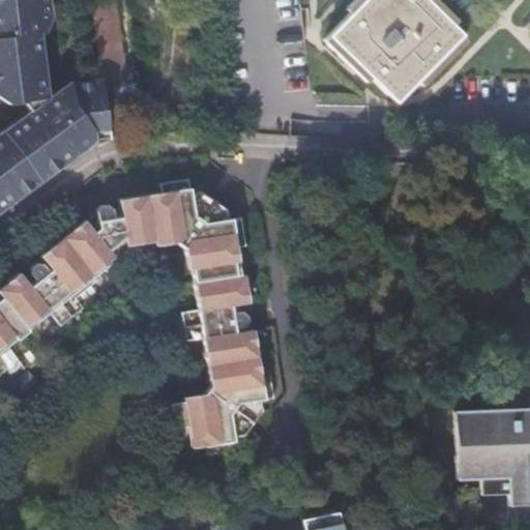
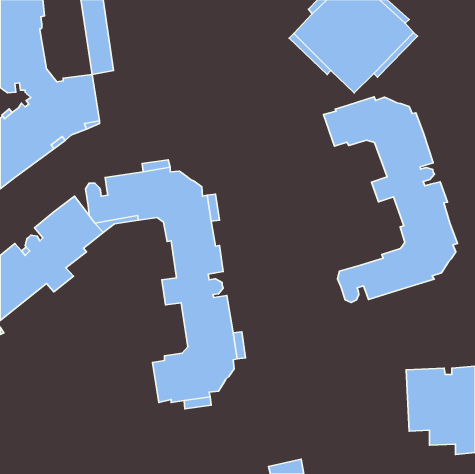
building: none -> [324,97,458,302]

